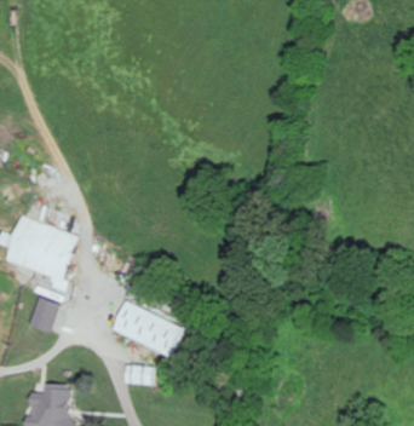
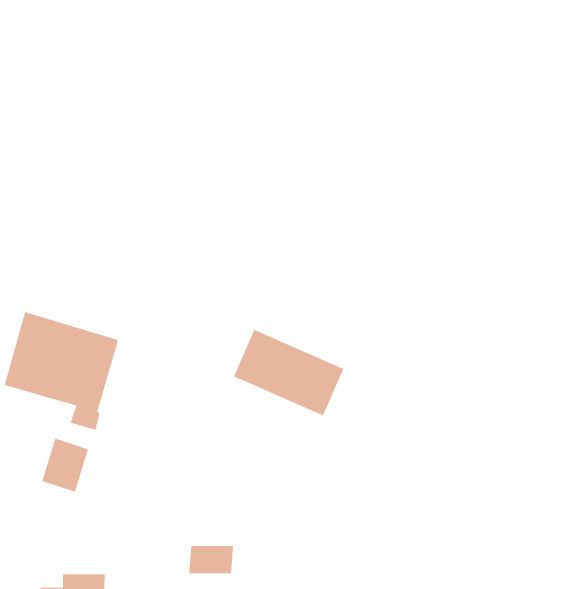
building: [111,300,183,356] -> [233,329,344,416]

